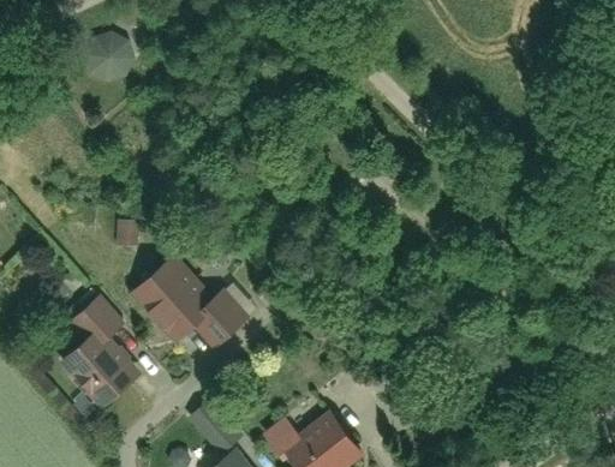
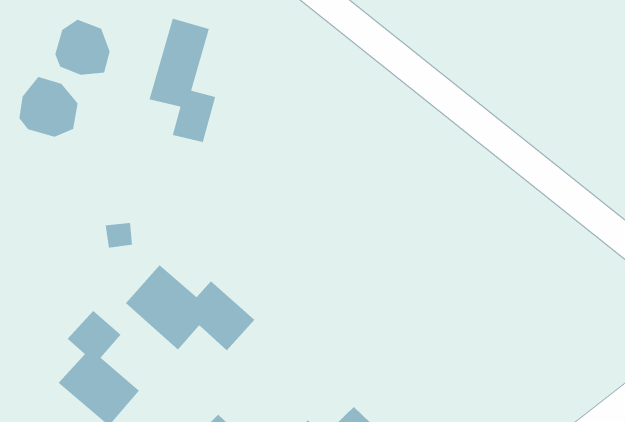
building: none -> [149,18,216,143]
building: none -> [19,76,78,137]

